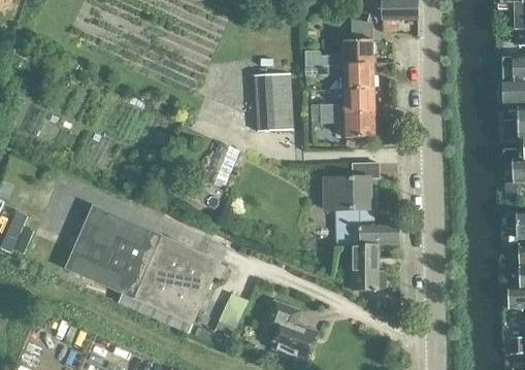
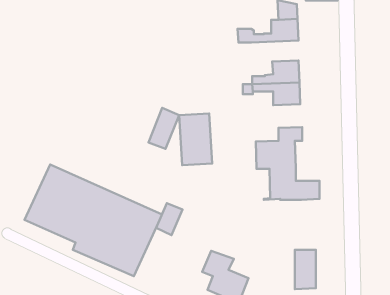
building: [321,65,374,89] -> none
building: [254,71,291,130] -> [179,113,212,165]
building: [354,245,378,290] -> [295,250,316,289]
building: [219,293,249,329] -> [156,203,182,235]

